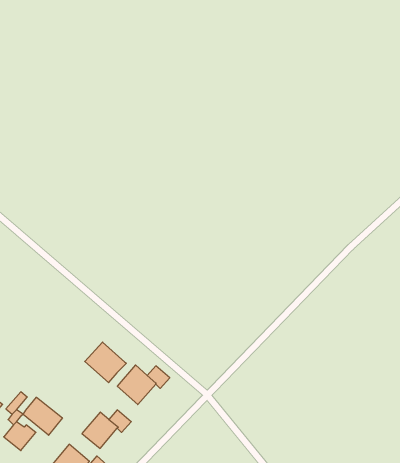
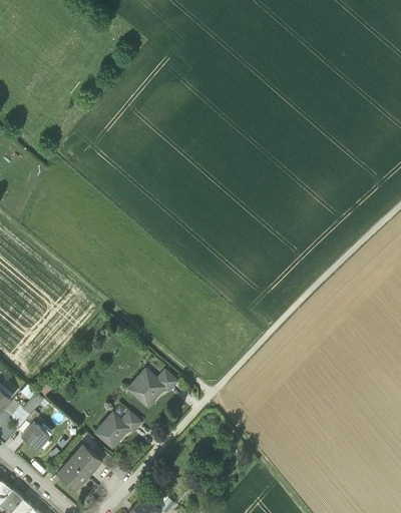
building: [85,342,126,383] -> none
building: [23,397,62,435] -> none

